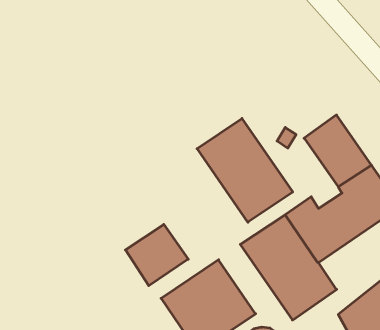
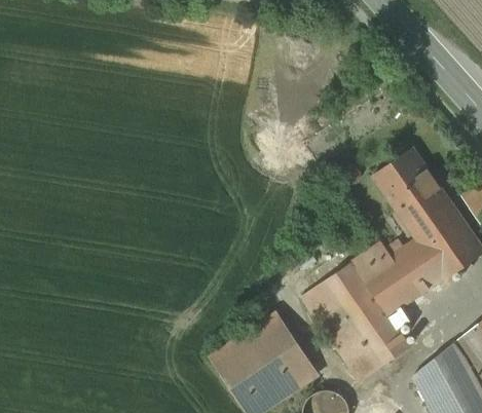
building: [197,118,293,222] -> none
building: [125,224,188,286] -> none

